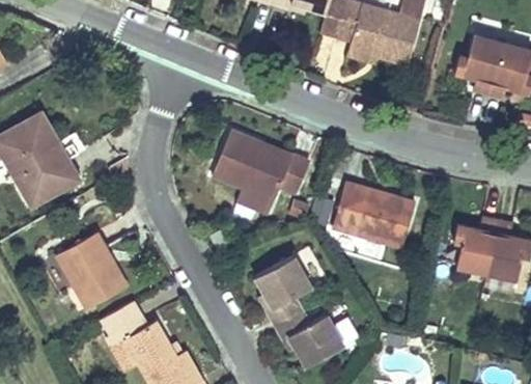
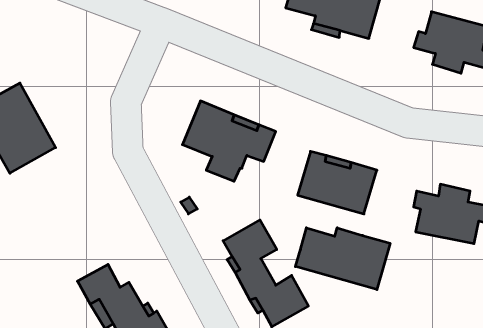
building: [57,231,129,309] -> none
building: none -> [295,228,390,290]

